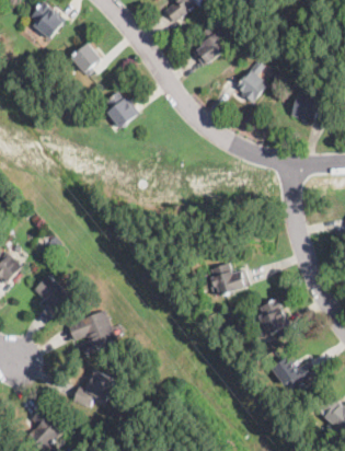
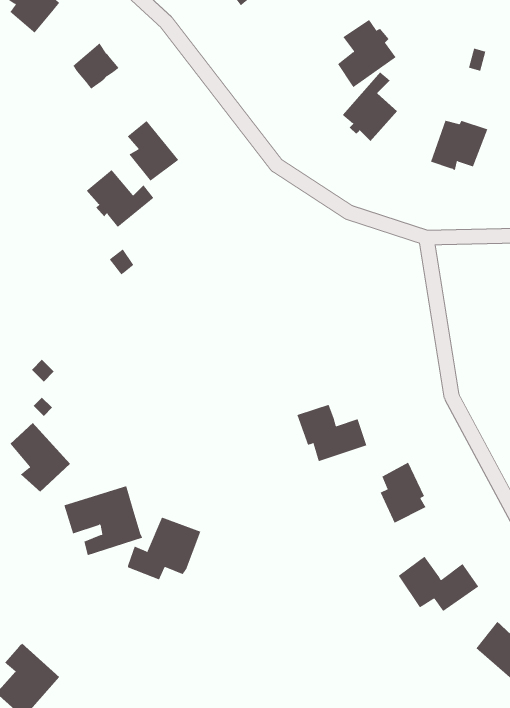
building: [193,25,229,67] -> [337,19,397,88]
building: none -> [86,169,154,228]
building: [70,369,115,407] -> [127,517,201,580]

